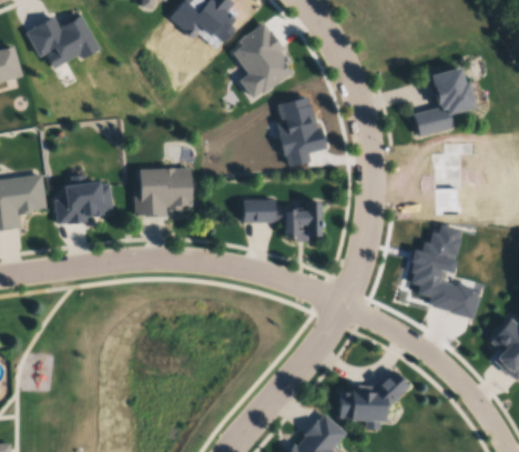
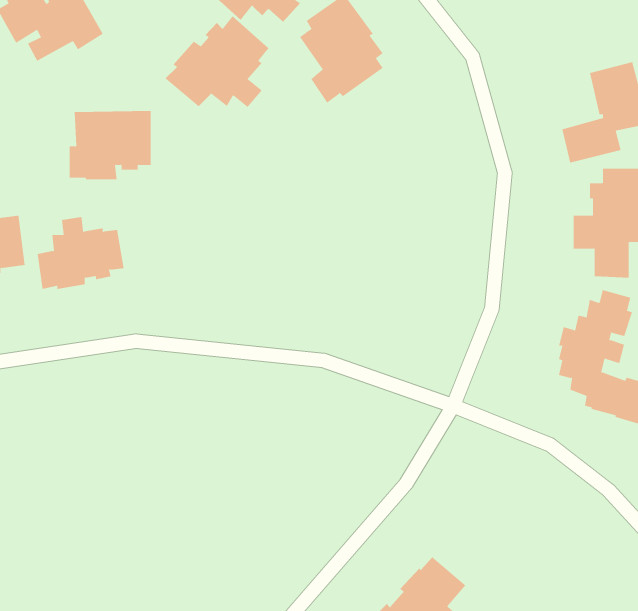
building: none -> [164,16,269,108]
building: [277,97,326,165] -> none
building: [134,169,191,217] -> [69,110,152,180]
building: [242,198,322,242] -> none
building: [339,365,409,424] -> none

